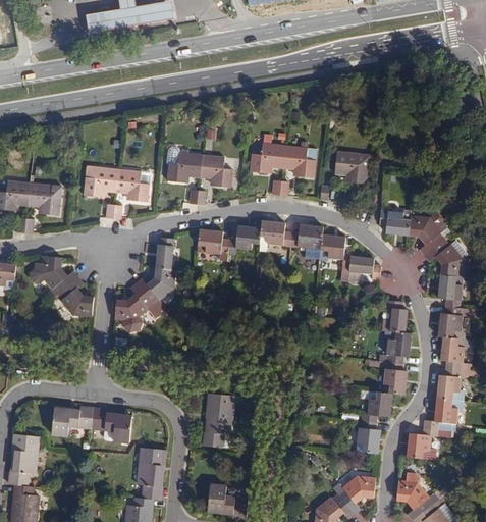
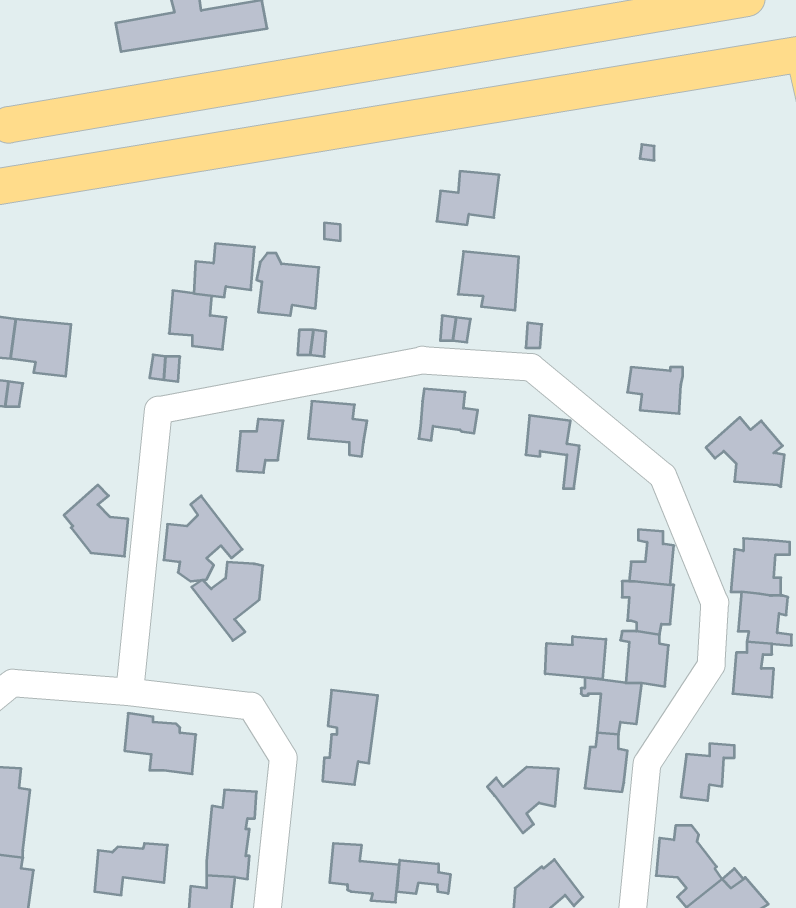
building: [249,142,284,172] -> [437,171,499,225]
building: [334,149,371,181] -> none
building: [200,153,232,187] -> none
building: [84,164,118,195] -> [194,244,255,297]
building: [408,215,442,256] -> none
building: [227,226,261,254] -> none
building: [290,226,323,250] -> none
building: [24,256,75,295] -> none
building: [347,257,380,280] -> none
building: [134,269,175,314] -> [192,562,263,641]
building: [437,275,464,309] -> none
building: none -> [545,636,606,679]
building: [425,397,461,426] -> none
building: [51,407,93,436] -> [95,843,168,895]
building: [332,475,373,513] -> [487,767,559,833]
building: none -> [397,860,450,894]

